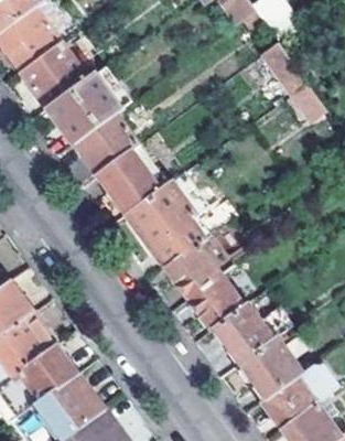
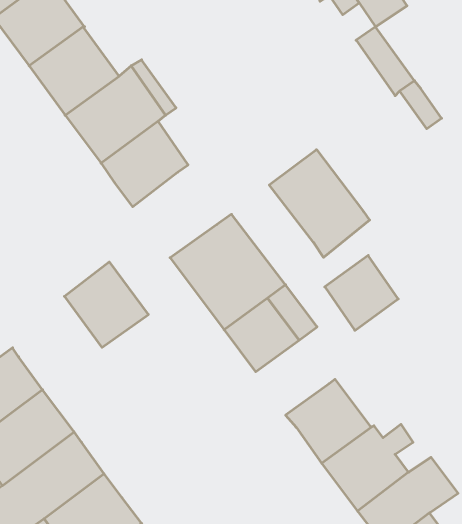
building: none -> [269,150,370,257]
building: [98,152,160,215] -> [64,262,148,347]
building: [188,276,242,331] -> [325,255,398,330]

